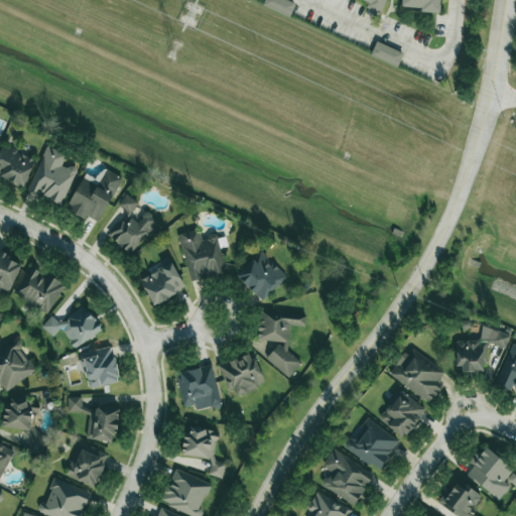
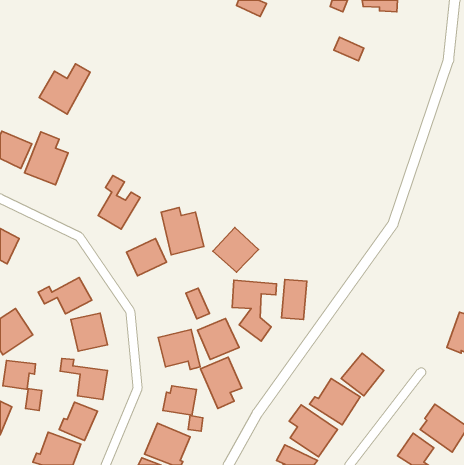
building: [67,169,123,225] -> [39,64,90,114]
building: [14,267,66,314] -> none
building: none -> [282,279,307,320]
building: none -> [186,288,209,319]
building: [457,325,511,372] -> none
building: [390,348,445,403] -> none
building: none -> [201,357,242,408]

